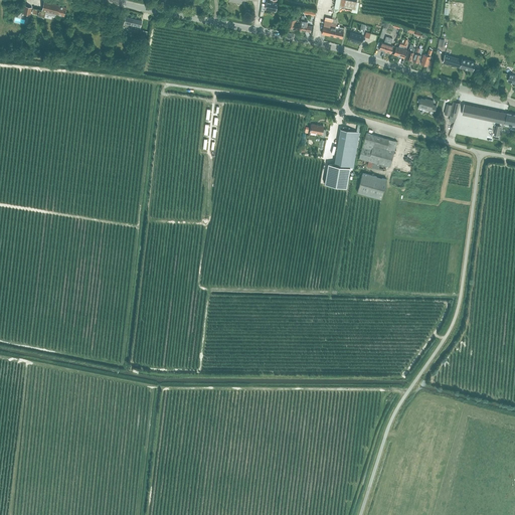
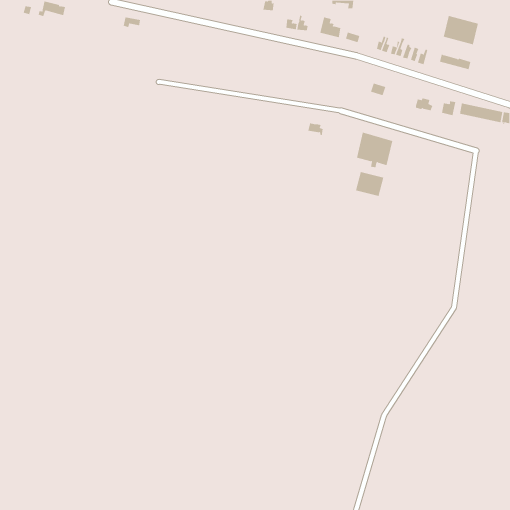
building: none -> [443,15,479,45]
building: [325,129,354,187] -> none

